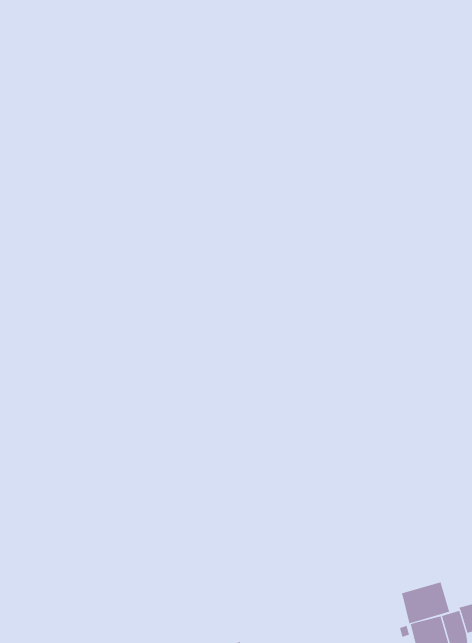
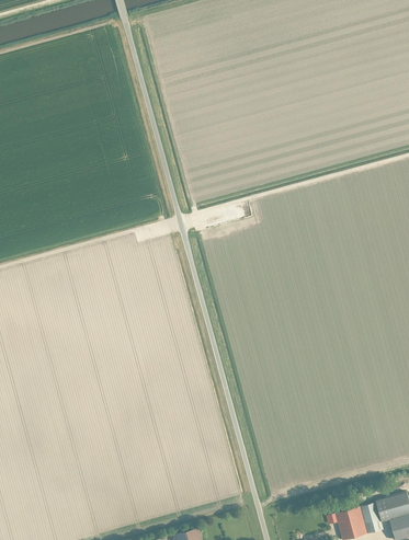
building: [402,582,450,624] -> none

